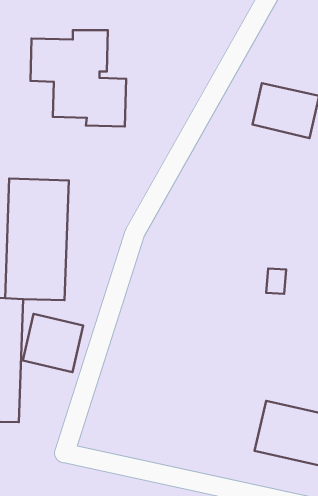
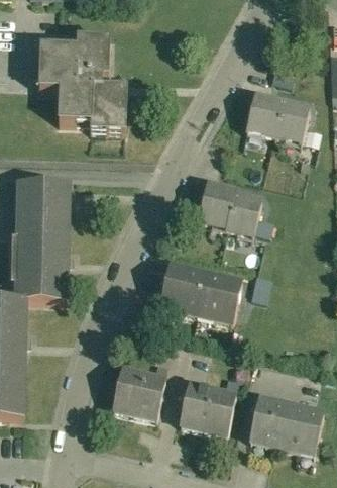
building: none -> [196,178,261,240]
building: none -> [155,263,242,327]
building: [23,314,83,372] -> [108,366,165,421]
building: none -> [178,379,237,437]

